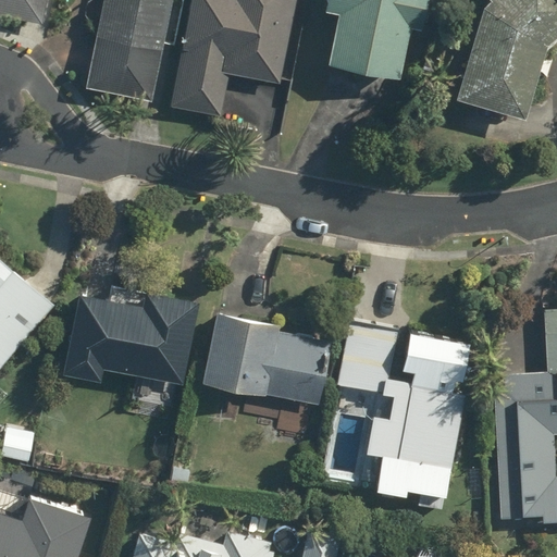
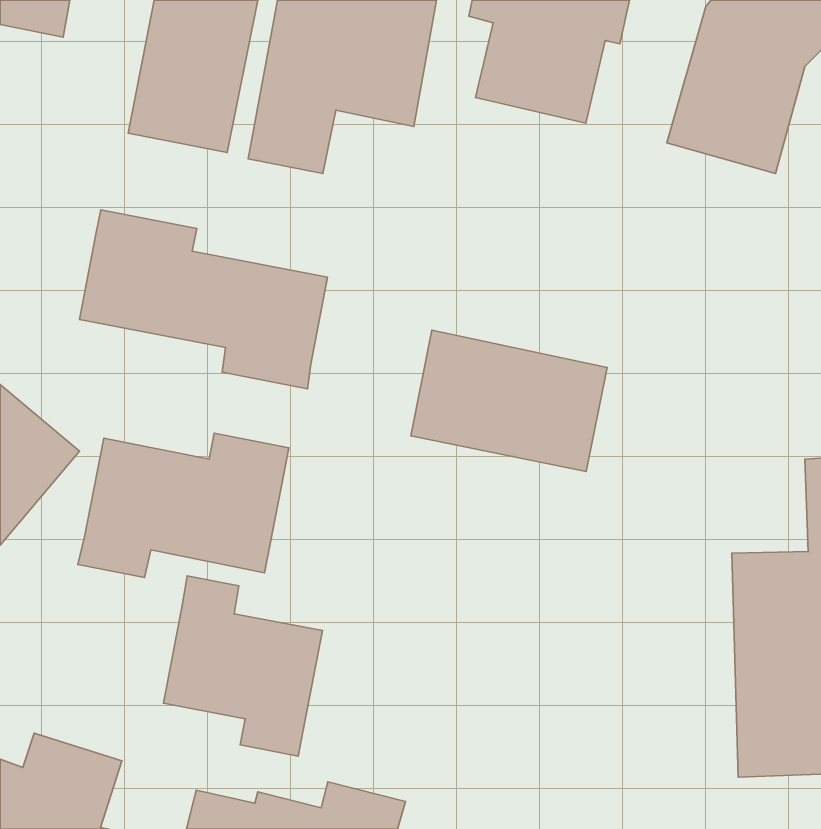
building: none -> [79,210,328,389]
building: [200,312,332,407] -> [411,330,607,471]
building: [335,319,469,510] -> none
building: none -> [163,576,323,756]

